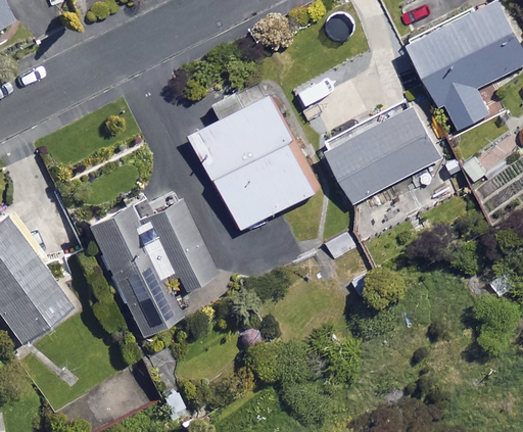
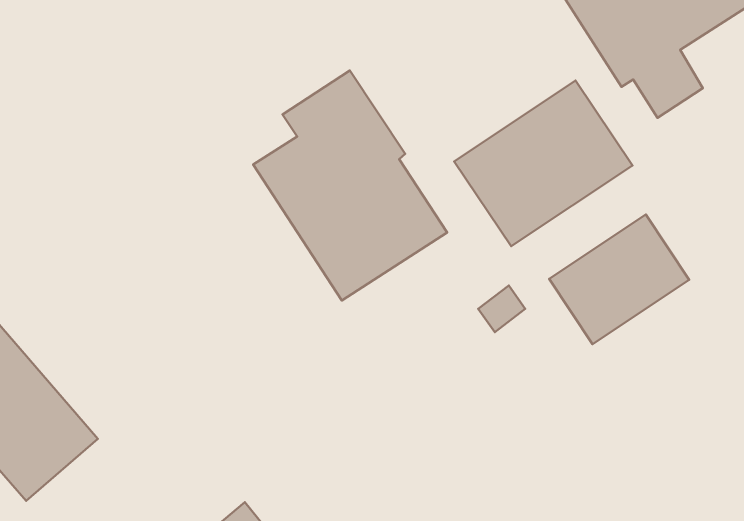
building: [85,187,215,334] -> none
building: none -> [549,215,689,344]

